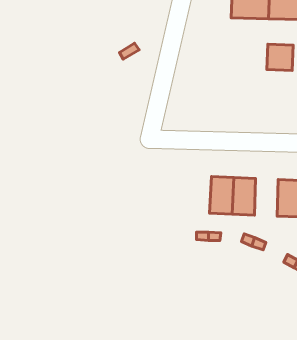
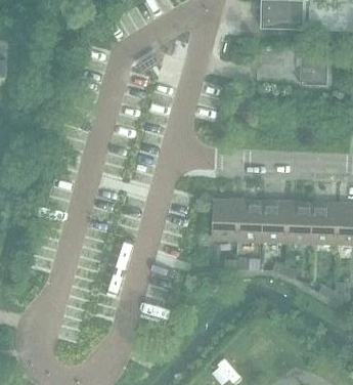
building: none -> [212,200,239,241]
building: none -> [286,203,312,244]

